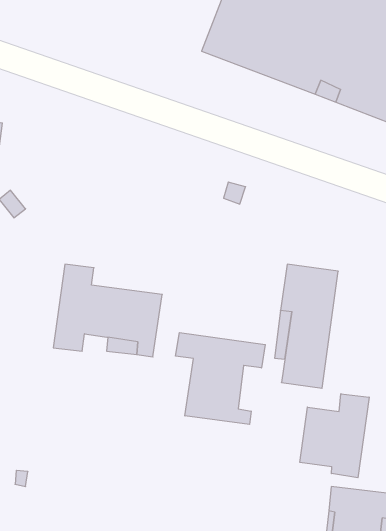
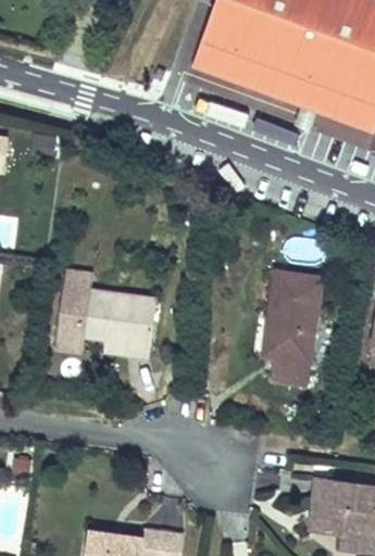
building: [176,333,265,424] -> none
building: [300,394,369,478] -> none

